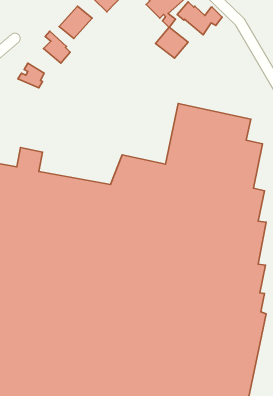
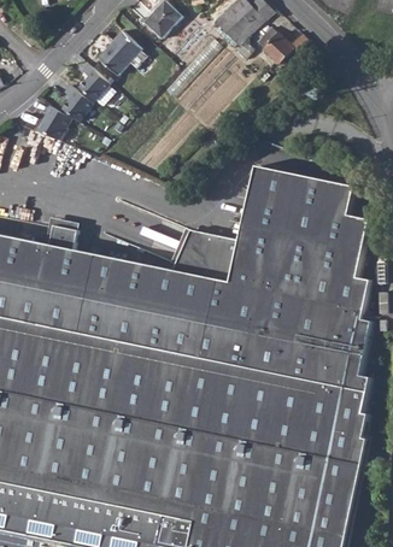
building: [155,27,188,58] -> none
building: none -> [61,84,92,119]

